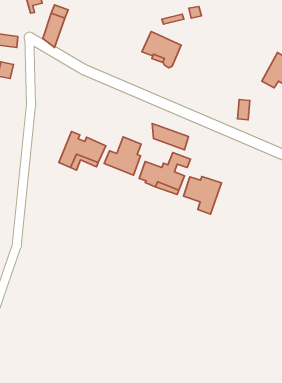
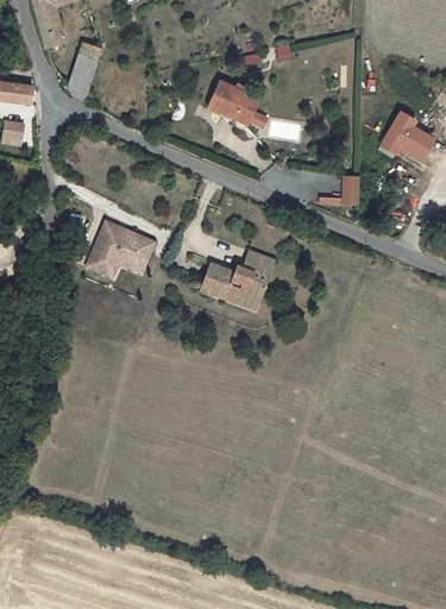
building: [152,124,189,150] -> none
building: [104,137,141,175] -> none
building: [183,177,221,214] -> none

